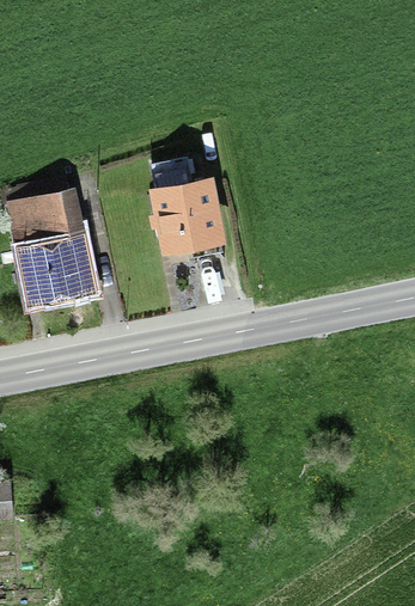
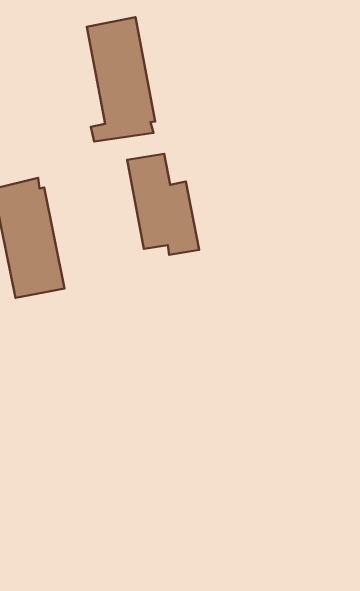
building: none -> [87,17,155,142]

